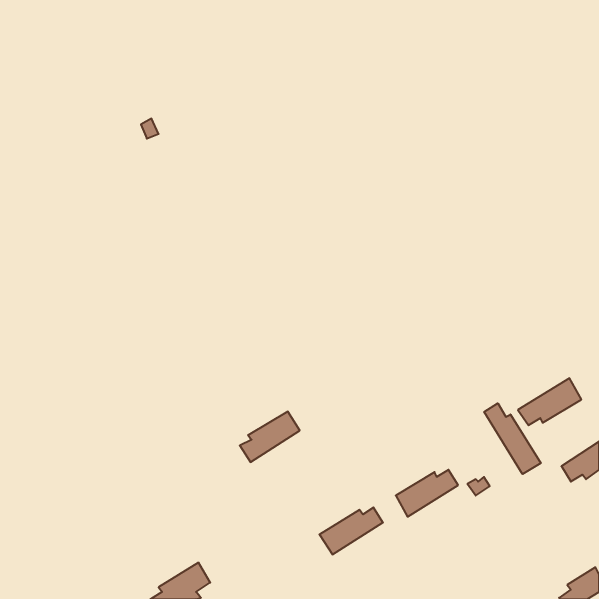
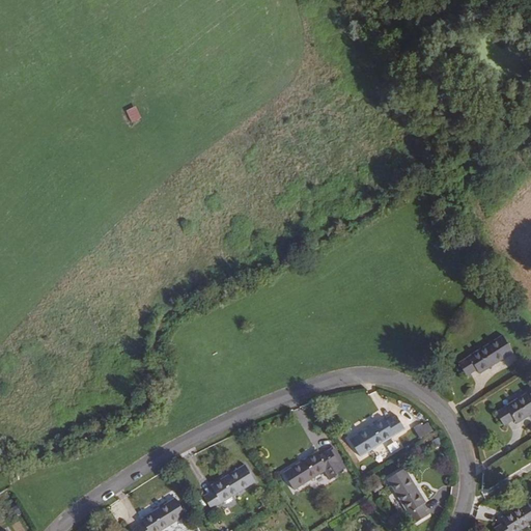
building: [484,403,541,474] -> none
building: [240,412,300,462] -> [202,465,255,509]
building: none -> [387,468,427,524]

